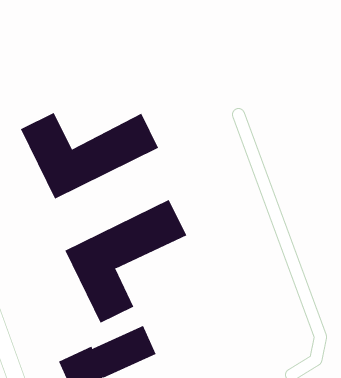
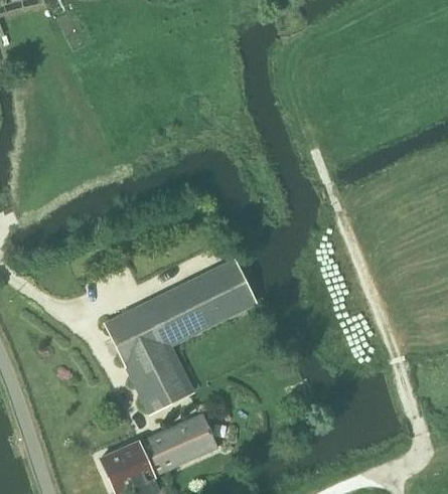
building: [20,112,159,199] -> none

